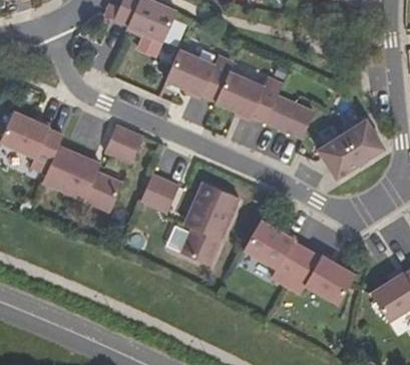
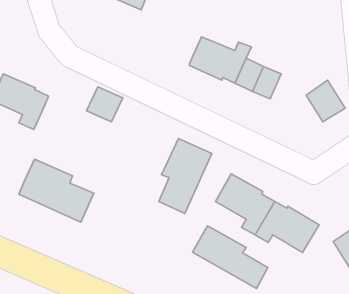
building: [164,49,232,100] -> none
building: [316,134,359,179] -> none
building: [41,145,122,214] -> [19,159,94,222]
building: [139,174,178,213] -> none
building: none -> [192,226,268,288]

